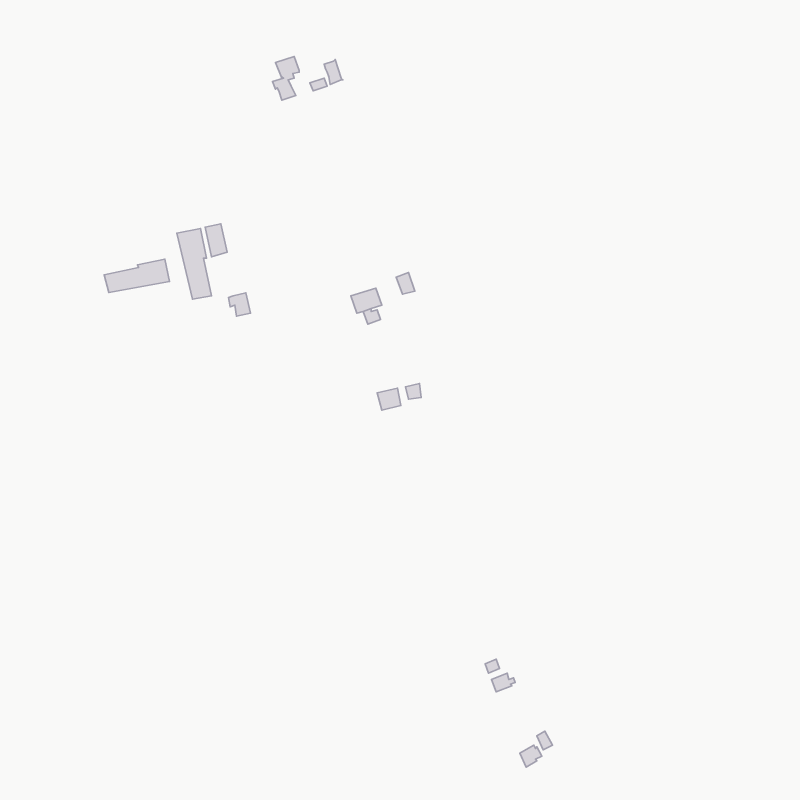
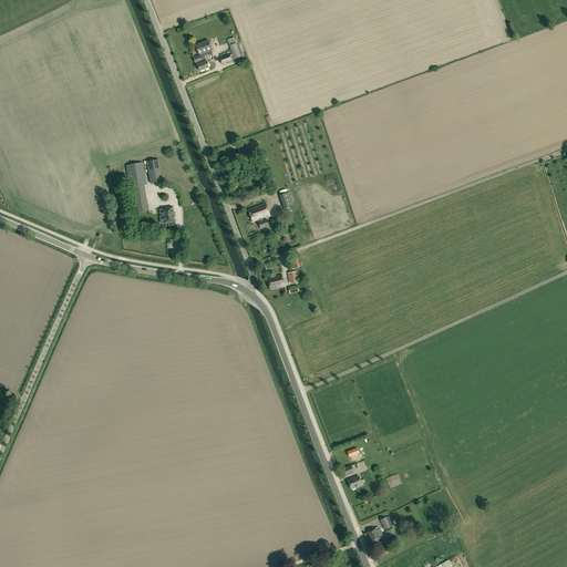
building: [104,259,170,293] -> none

